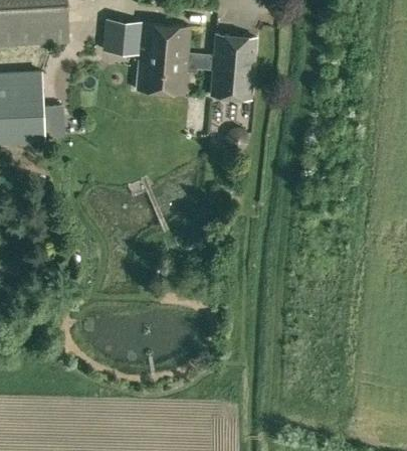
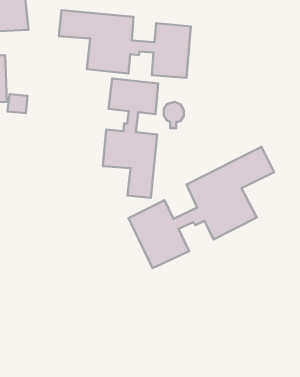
building: none -> [103,79,158,198]
building: none -> [128,147,274,268]

